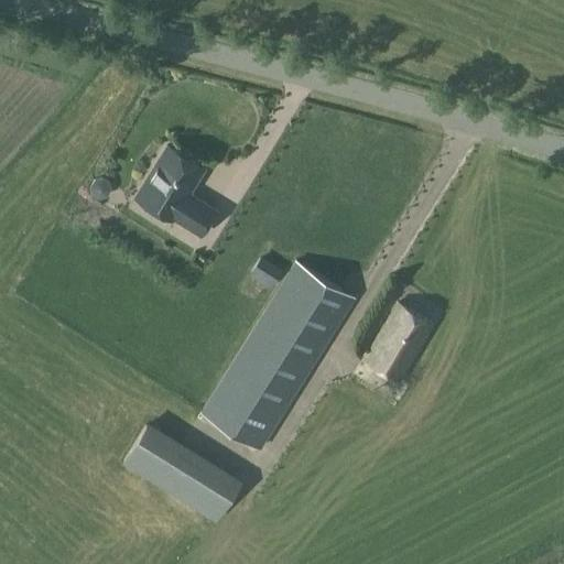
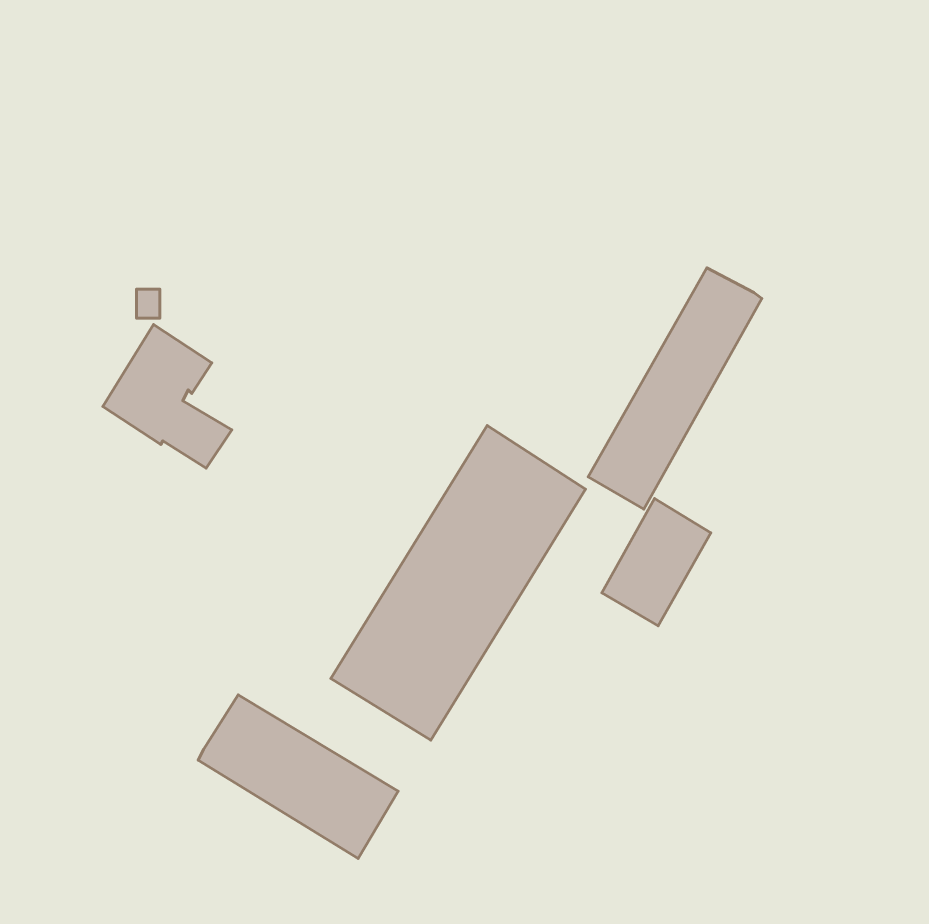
building: [135,149,214,236] -> [103,324,232,468]
building: none -> [588,268,762,509]

